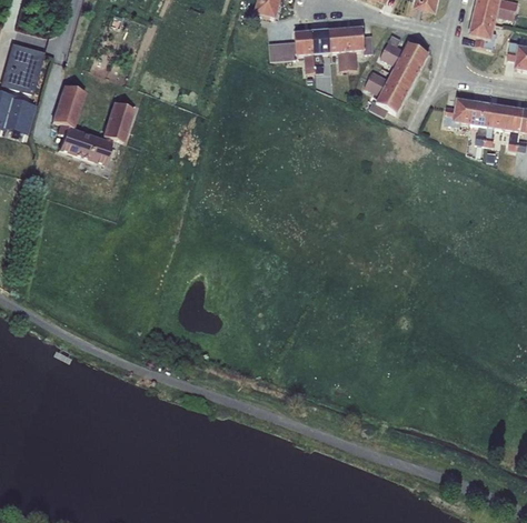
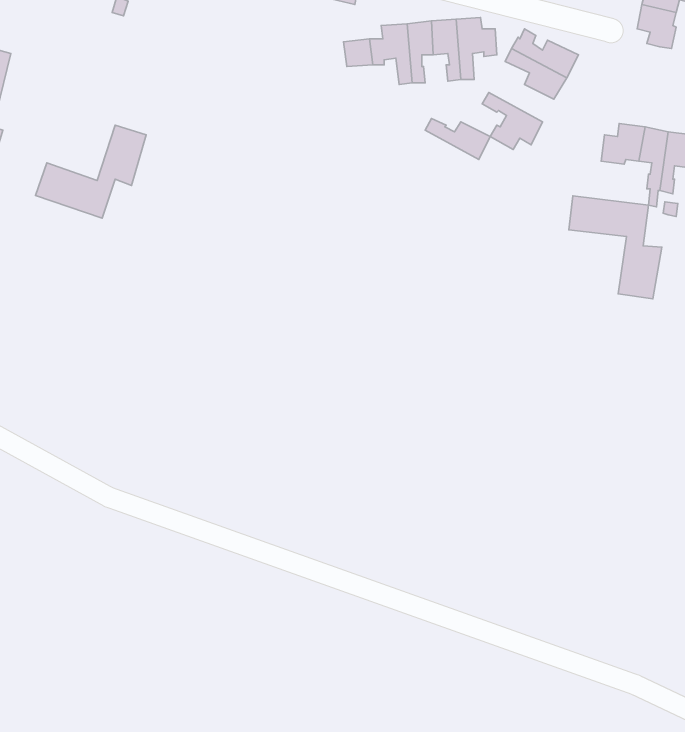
building: [368,70,412,98] -> [425,119,490,159]
building: [52,83,84,127] -> none
building: none -> [569,196,662,299]

